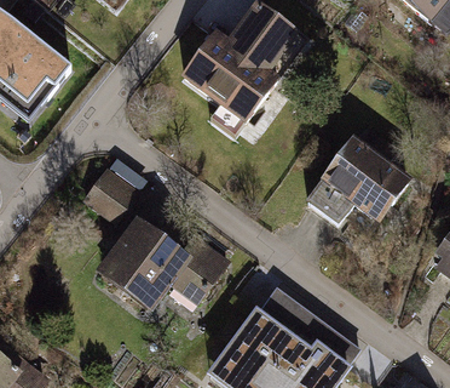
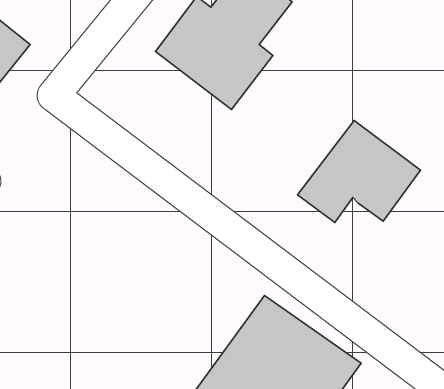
building: [86,153,149,219] -> none
building: [92,217,224,315] -> none

